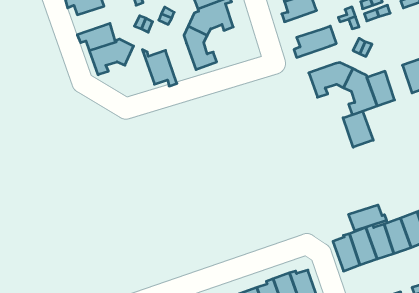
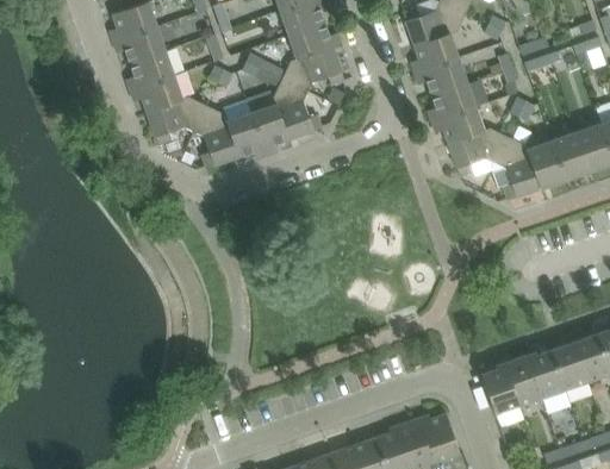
building: none -> [126,51,175,90]
building: none -> [415,57,468,94]
building: none -> [251,102,293,157]
building: none -> [195,106,236,168]
building: none -> [431,106,485,143]
building: none -> [553,132,590,180]
building: [343,111,373,147] -> none
building: [349,205,387,231] -> none

